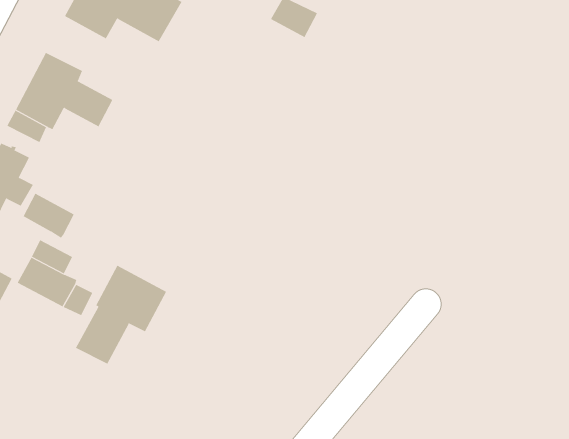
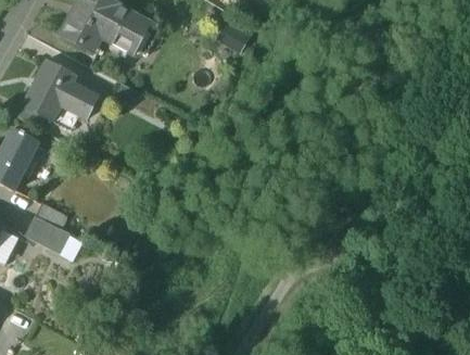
building: [23,193,74,239] -> none
building: [75,265,167,365] -> none

